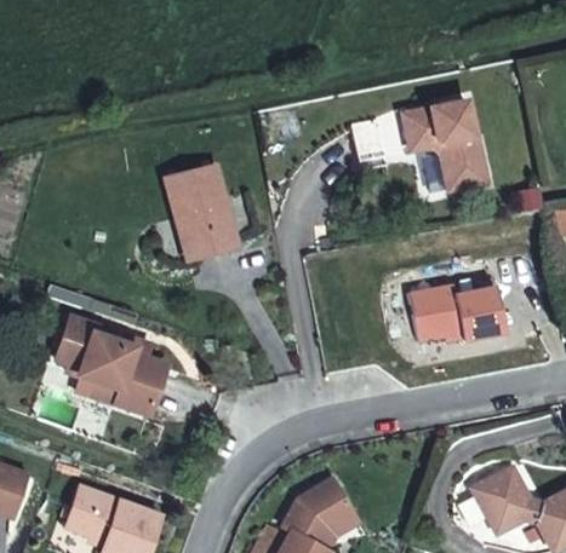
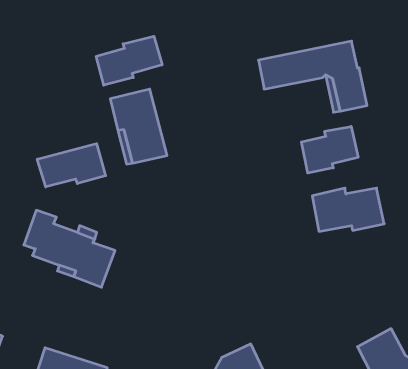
building: none -> [96,36,162,85]
building: none -> [301,126,358,173]
building: none -> [37,144,106,187]

